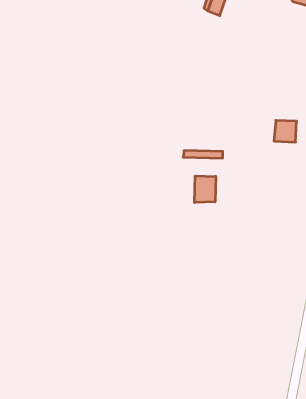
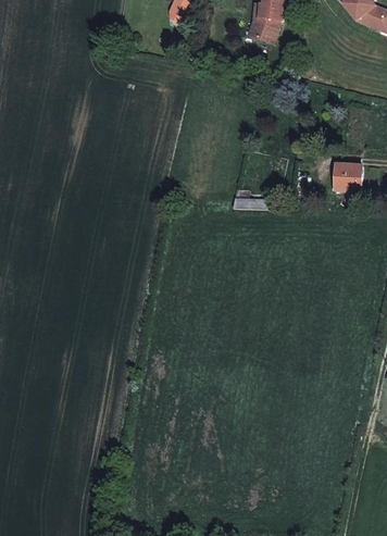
building: [195,176,216,203] -> none

